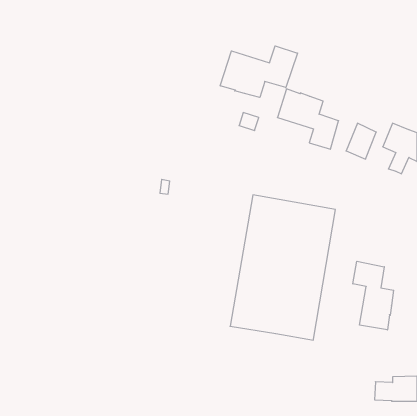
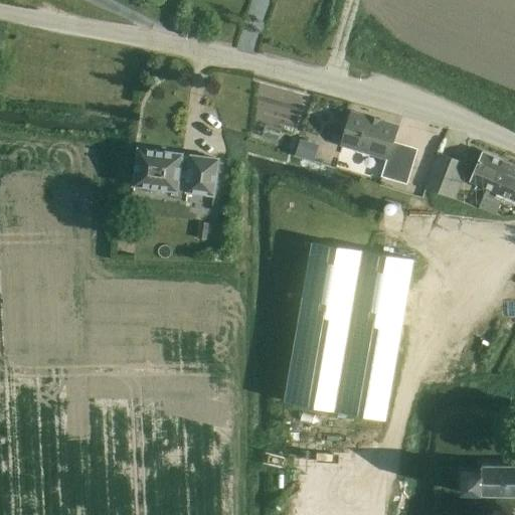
building: [220,46,298,97] -> none
building: none -> [133,149,219,196]
building: [353,261,394,330] -> none

